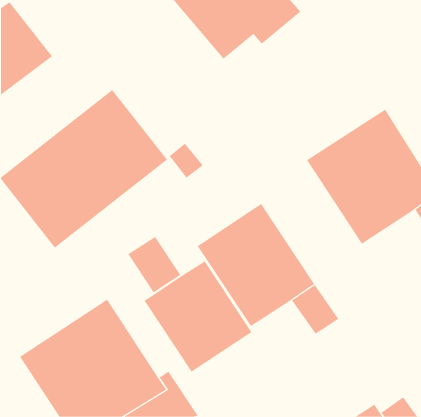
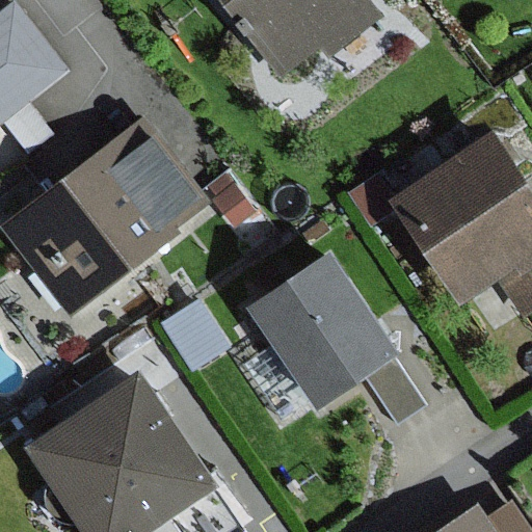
building: [144,261,252,372] -> none

